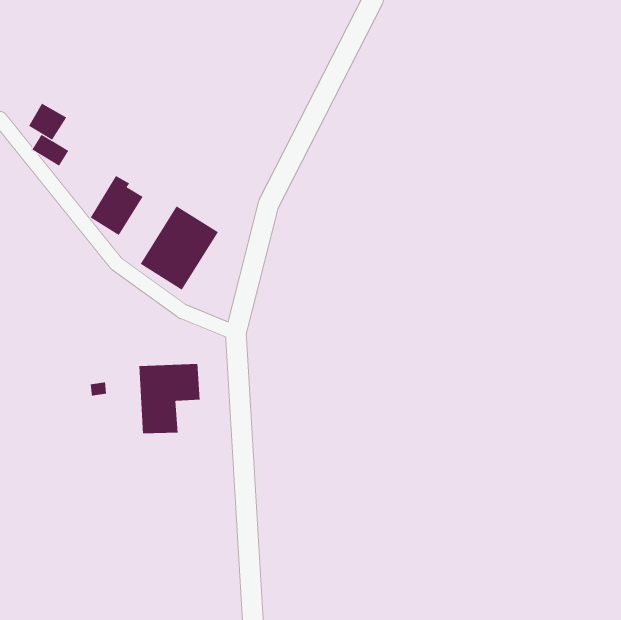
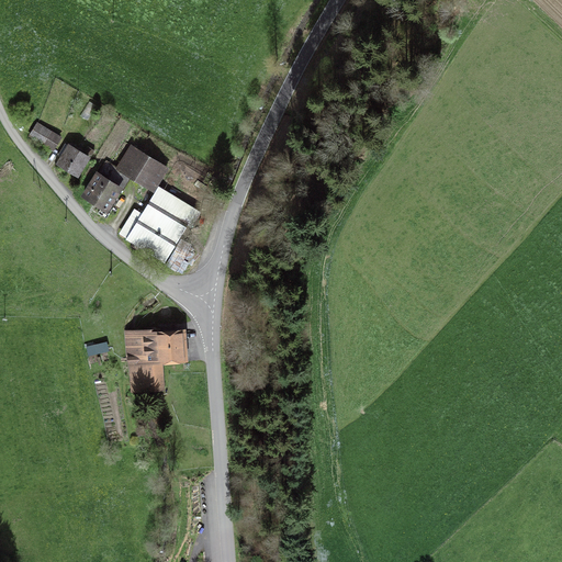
building: [28,103,67,140] -> [56,143,91,177]
building: none -> [115,144,169,192]

